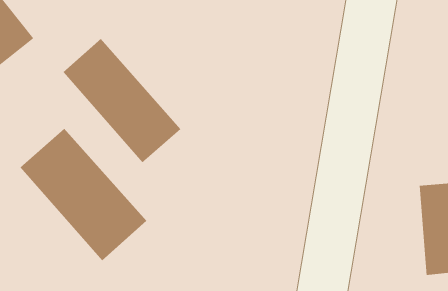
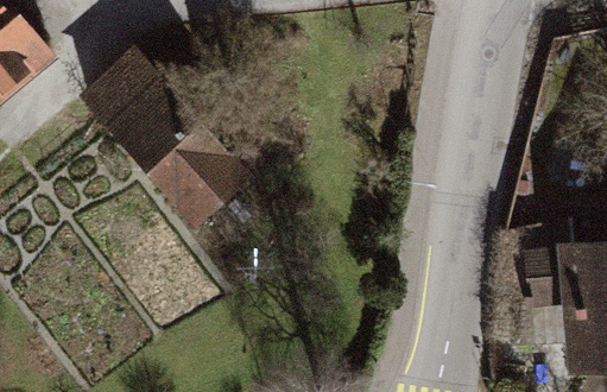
building: [20,128,147,261] -> none

